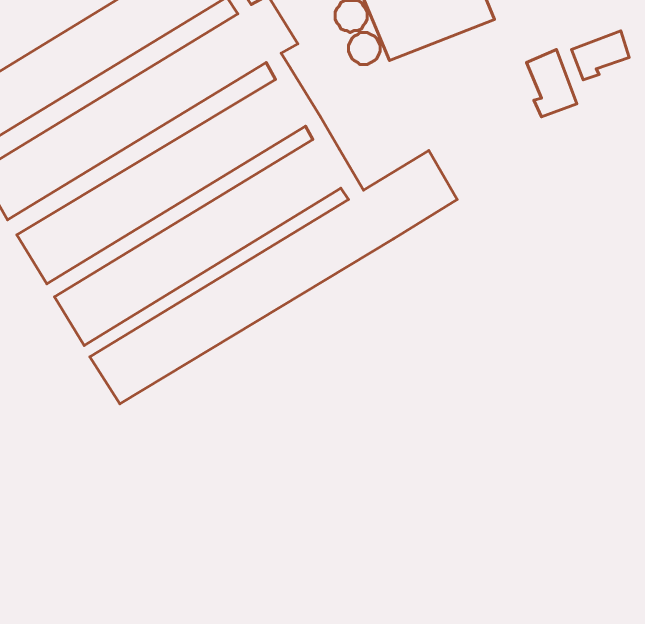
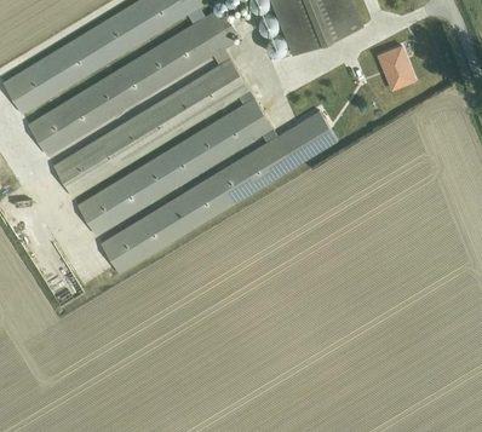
building: [571,31,629,80] -> none

